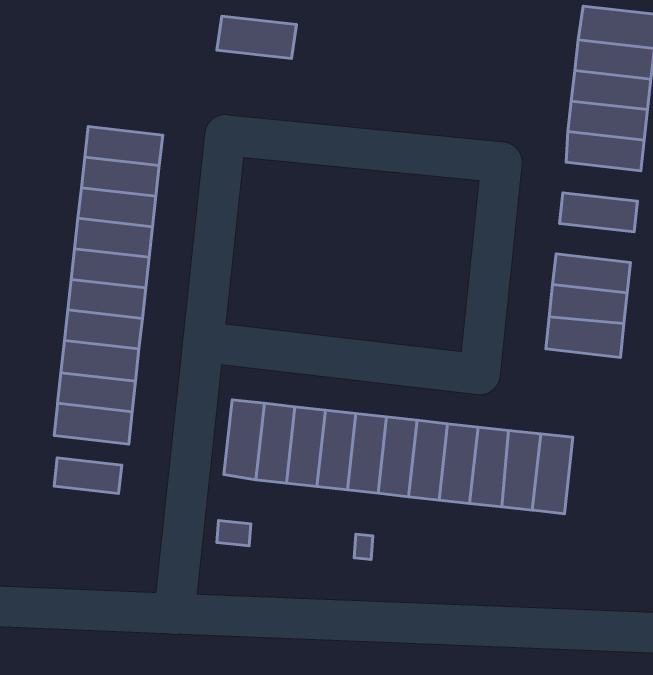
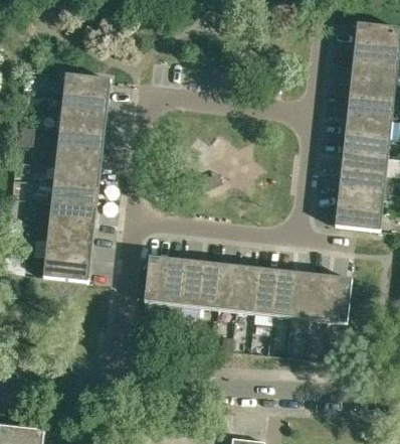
building: [217,16,297,59] -> [63,73,111,99]
building: none -> [345,115,391,138]
building: none -> [341,151,387,174]
building: [54,458,122,493] -> none

